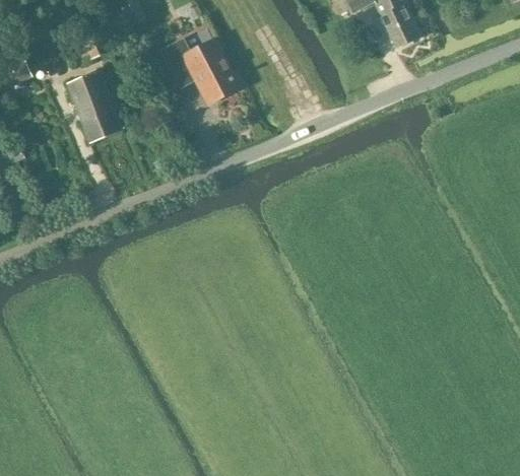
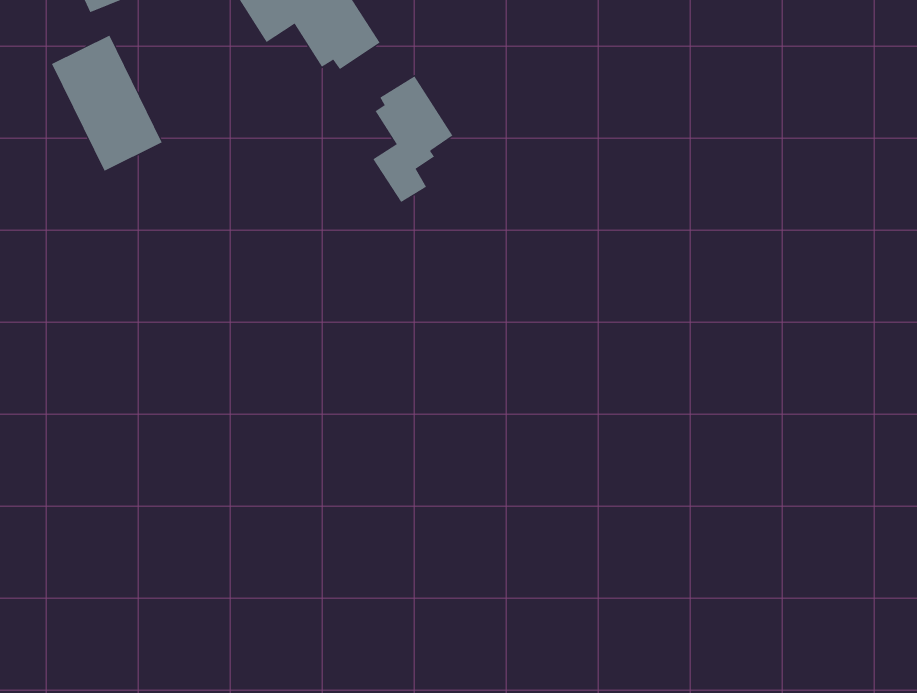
building: none -> [372,76,453,203]

